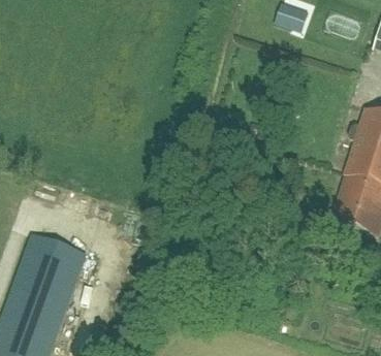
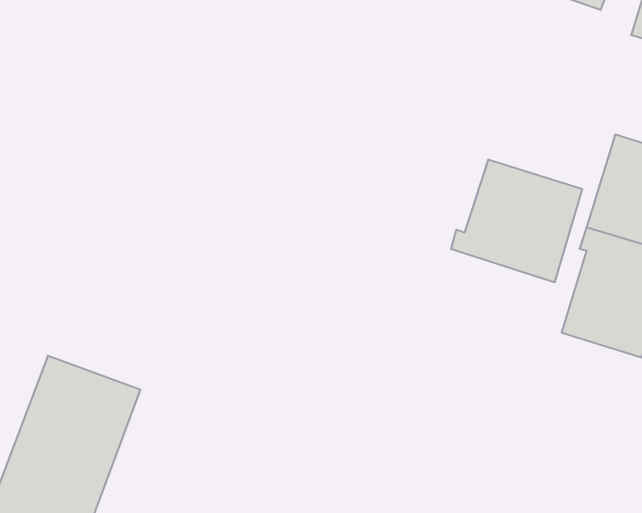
building: none -> [451,159,582,282]

